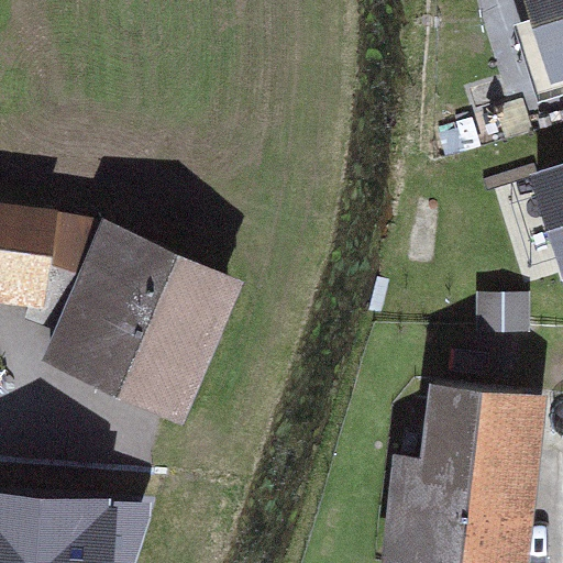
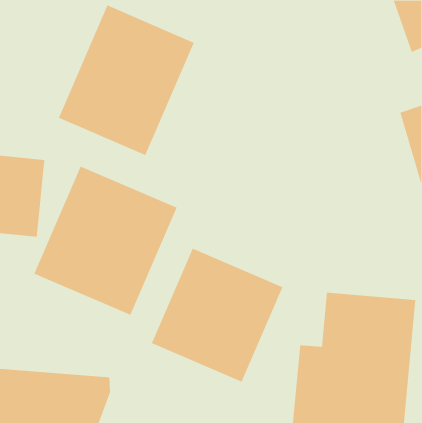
building: none -> [58,4,194,156]
building: none -> [151,248,283,383]

